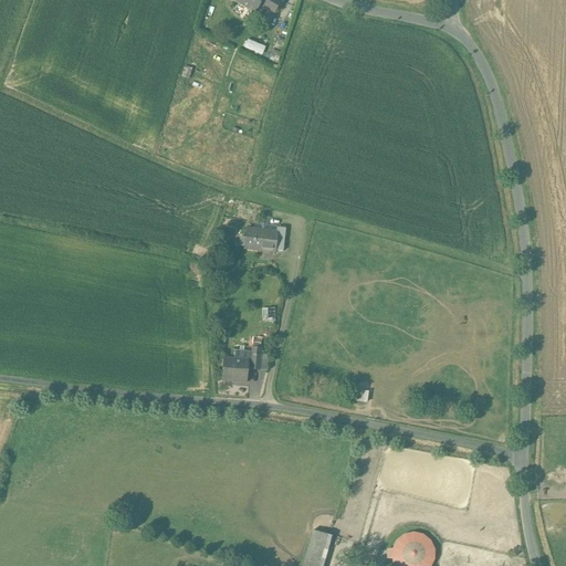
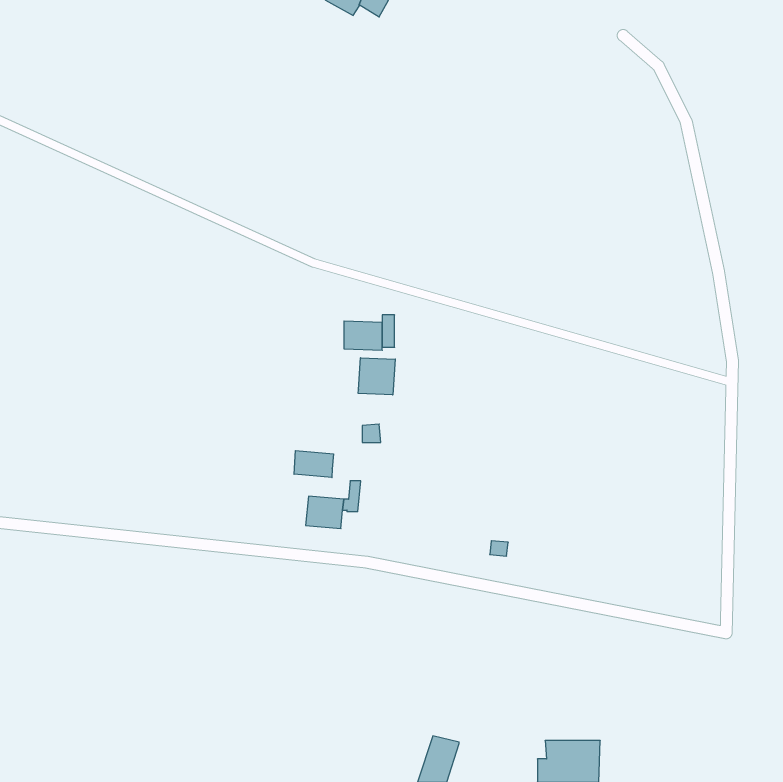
building: none -> [358,358,395,395]
building: none -> [294,451,333,478]

